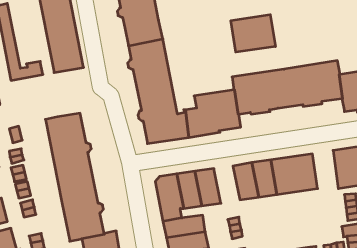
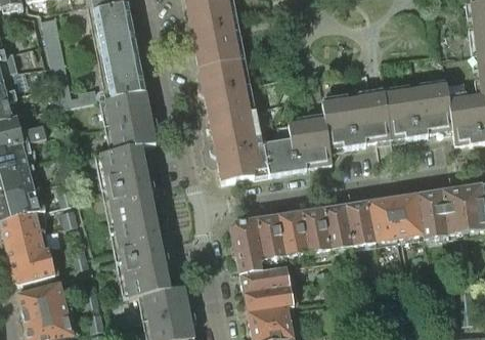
building: [231,15,275,52] -> none
building: none -> [105,91,157,150]
building: none -> [416,189,447,239]
building: none -> [300,208,330,252]

